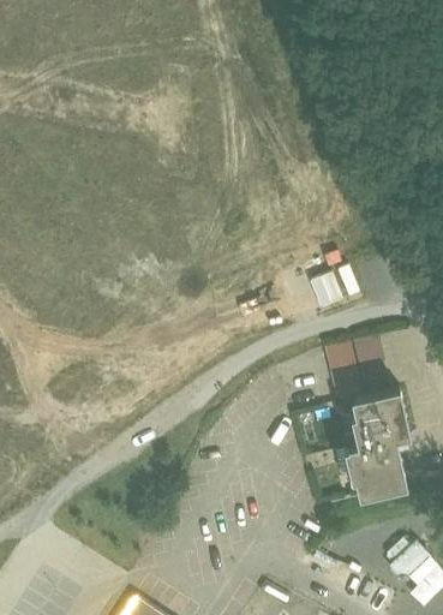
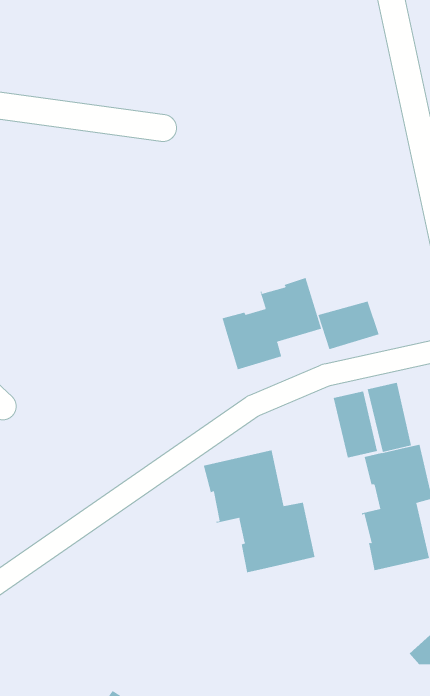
building: none -> [222,277,322,370]
building: none -> [203,450,315,573]

